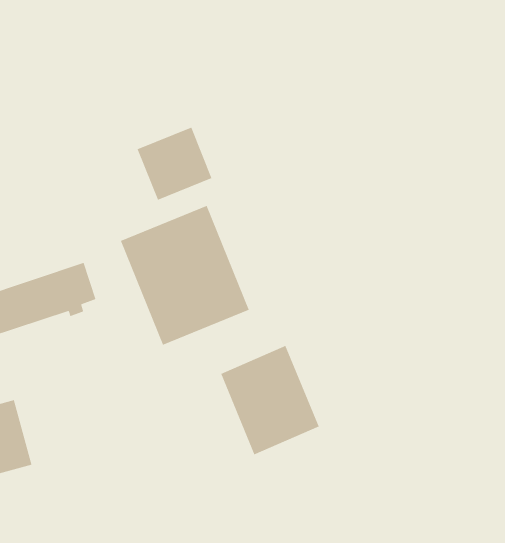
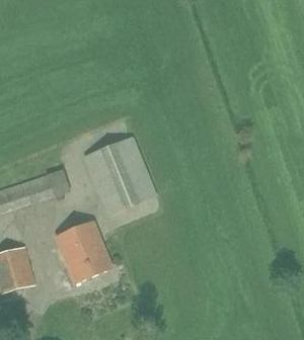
building: [137,127,213,201] -> none
building: [220,345,320,455] -> [55,221,111,283]

